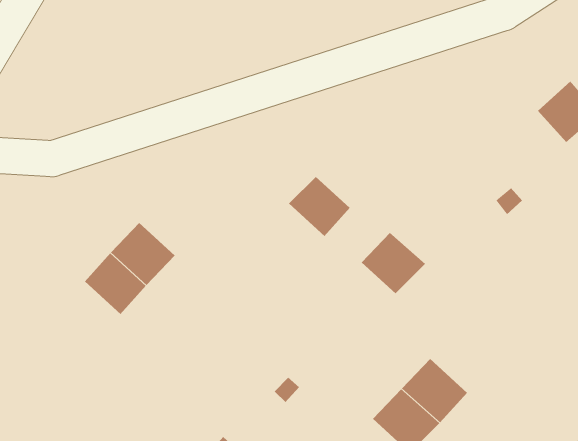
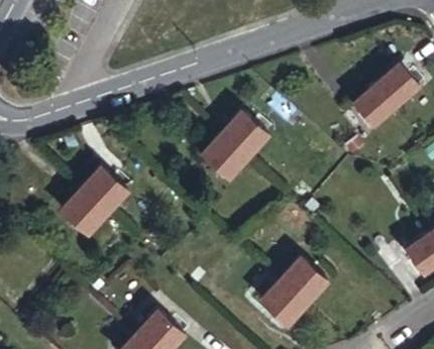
building: none -> [353,85,396,126]
building: [361,232,426,294] -> [221,109,266,152]

